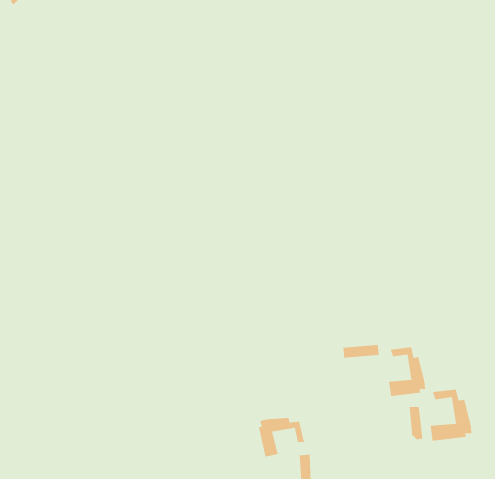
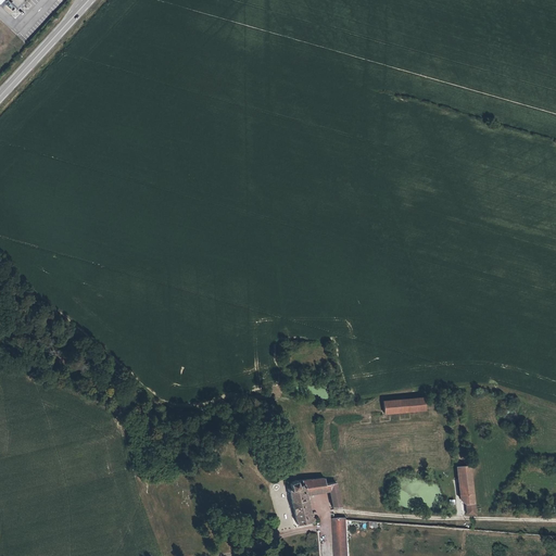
building: [389,347,425,397] -> none
building: [430,389,472,442] -> none

